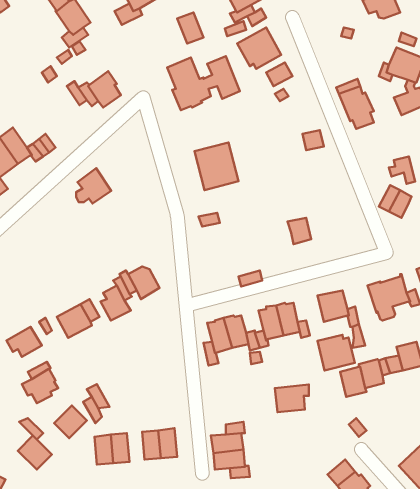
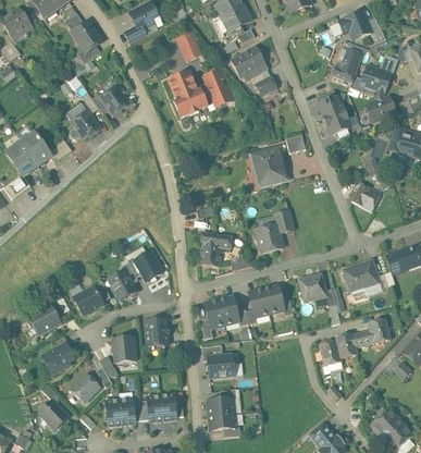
building: none -> [332,46,362,83]
building: [195,142,238,190] -> [250,146,288,187]
building: [76,168,111,203] -> [70,109,100,139]
building: none -> [257,223,283,252]
building: none -> [199,232,232,265]
building: [317,335,355,371] -> none
building: none -> [145,318,169,346]
building: none -> [113,335,136,362]
building: [275,384,309,412] -> [208,353,237,377]

